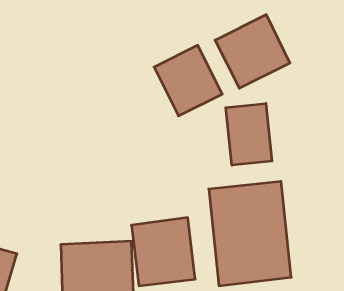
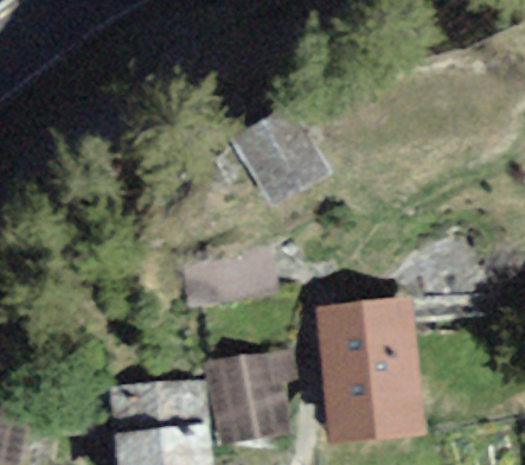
building: [215,15,290,88] -> none
building: [226,103,272,165] -> none

